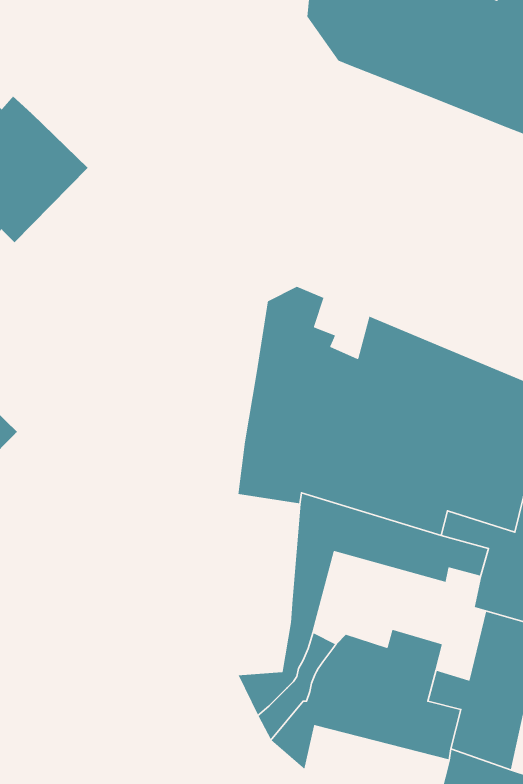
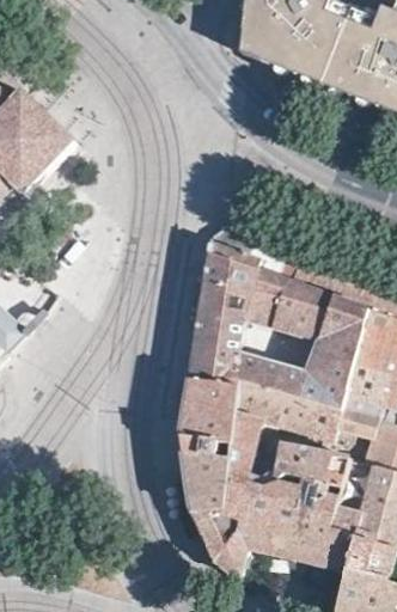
building: none -> [177,377,232,508]
building: none -> [271,442,343,485]

